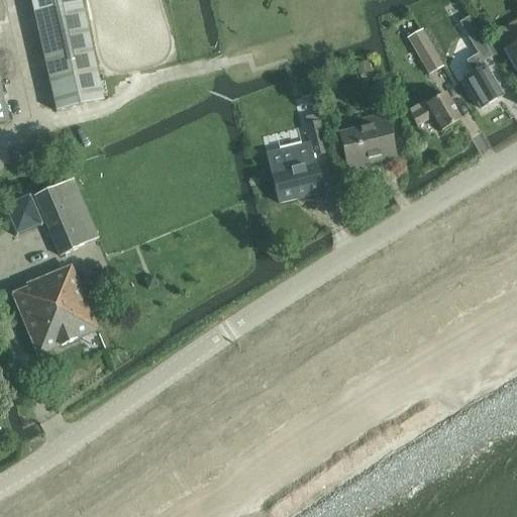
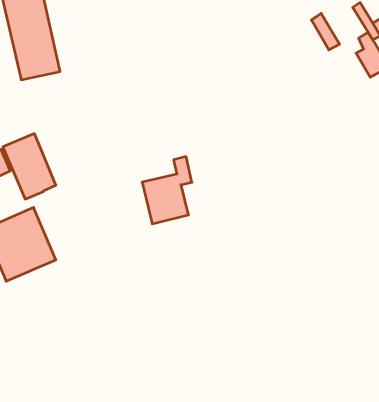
building: [411,91,460,128] -> none
building: [339,111,392,167] -> none
building: [267,119,327,201] -> [142,157,192,224]

